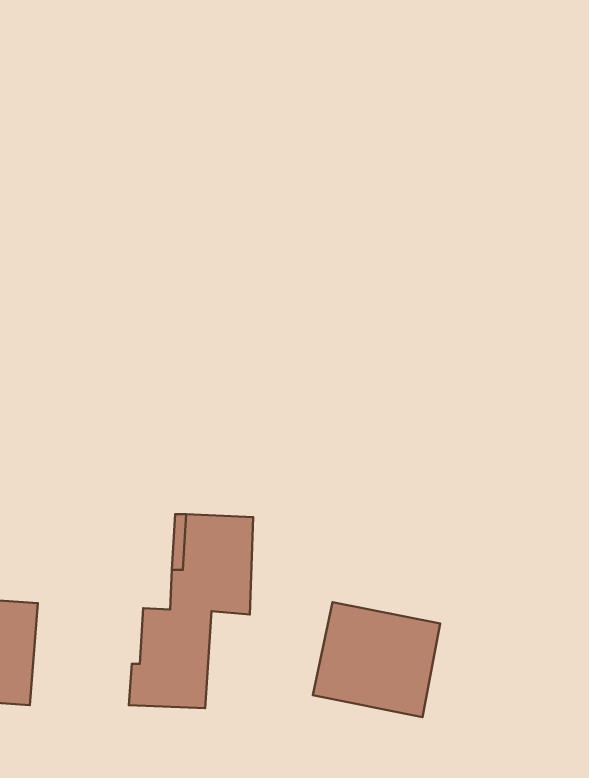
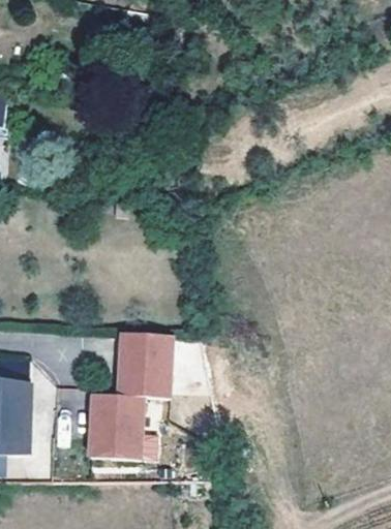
building: [313,602,440,717] -> none

